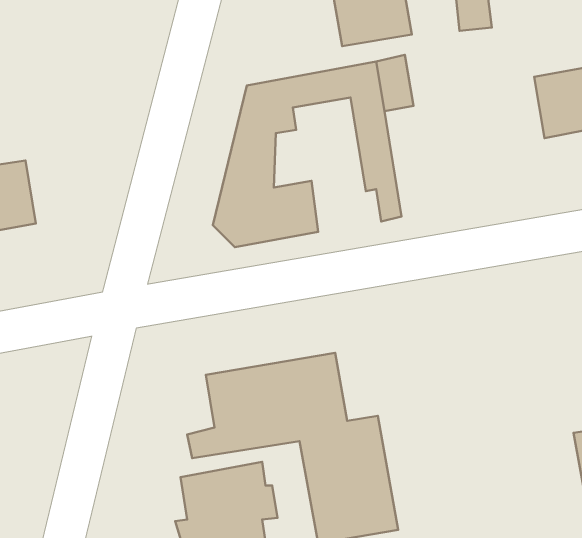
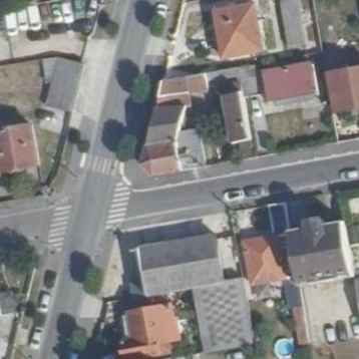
building: none -> [262,61,316,102]
building: none -> [45,62,84,113]
building: none -> [242,202,295,284]
building: none -> [301,219,352,284]

